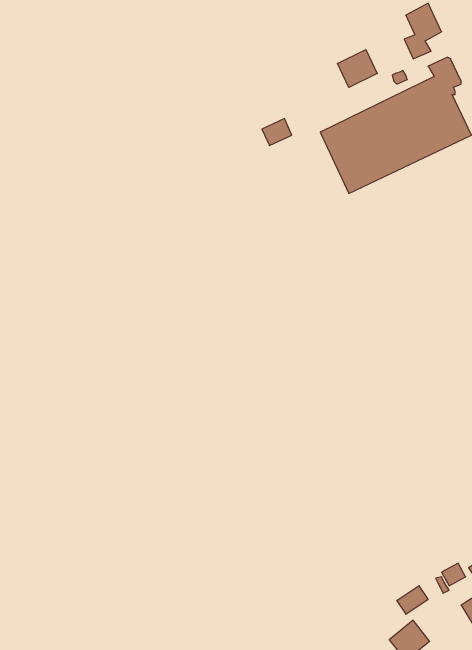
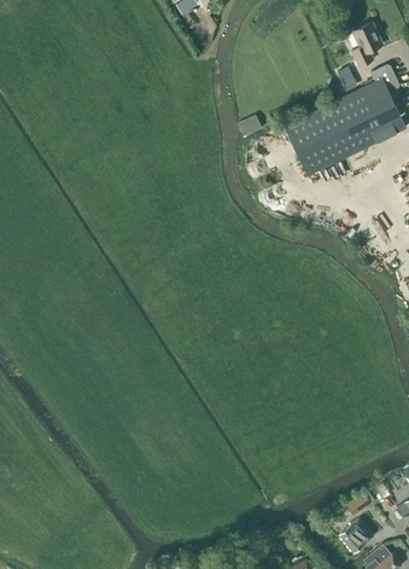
building: [337,50,377,87] -> none

